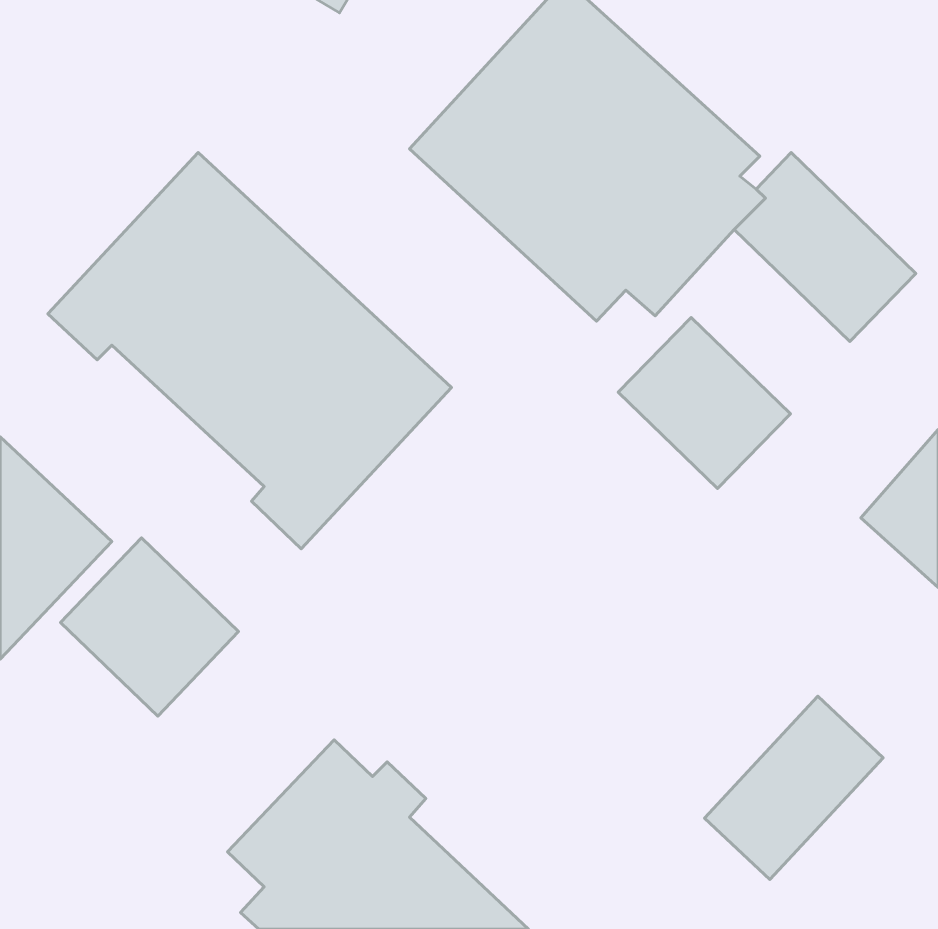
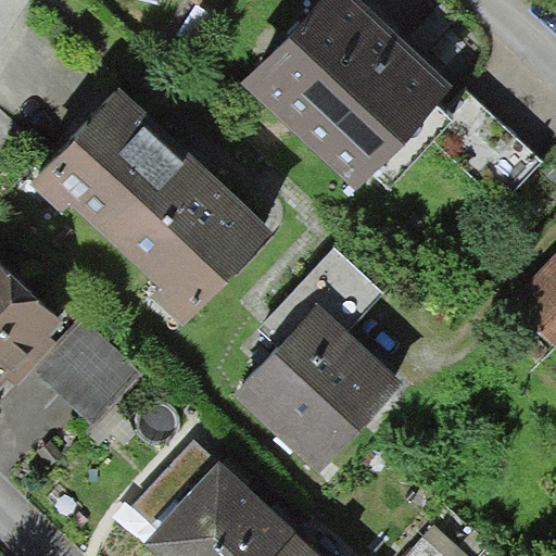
building: [618,317,790,489] -> none
building: none -> [241,245,405,470]
building: [705,696,883,880] -> none

